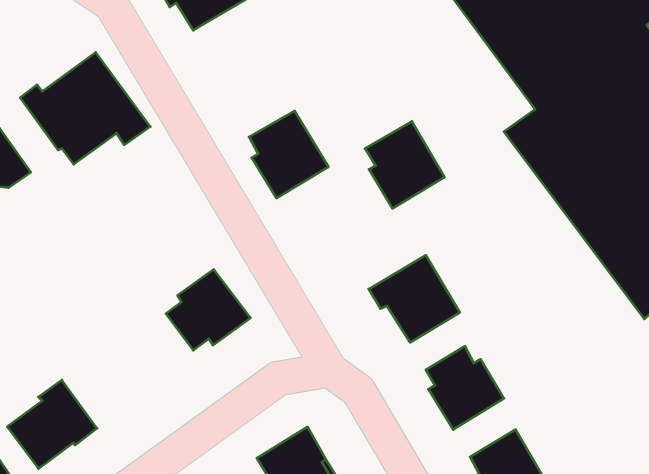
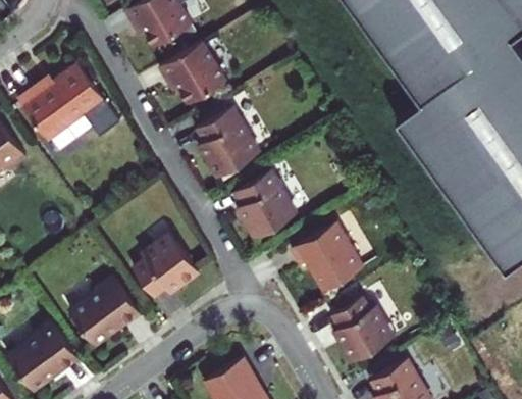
building: none -> [158,39,229,103]
building: [365,121,444,208] -> [233,169,296,238]
building: none -> [69,276,140,345]

